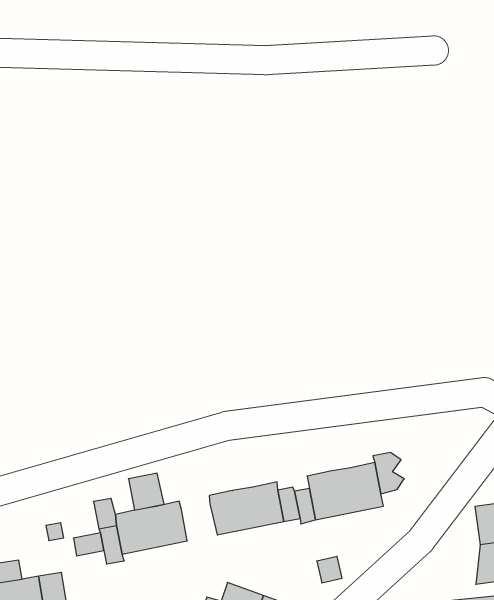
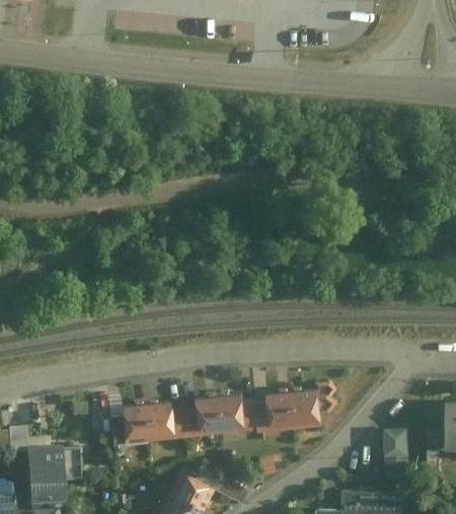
building: [128,473,164,510] -> [170,408,195,433]

